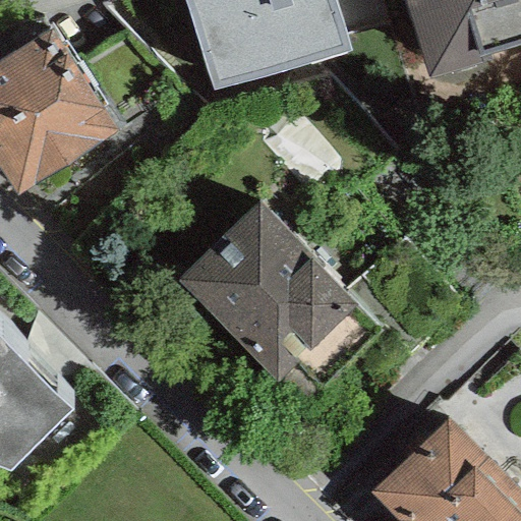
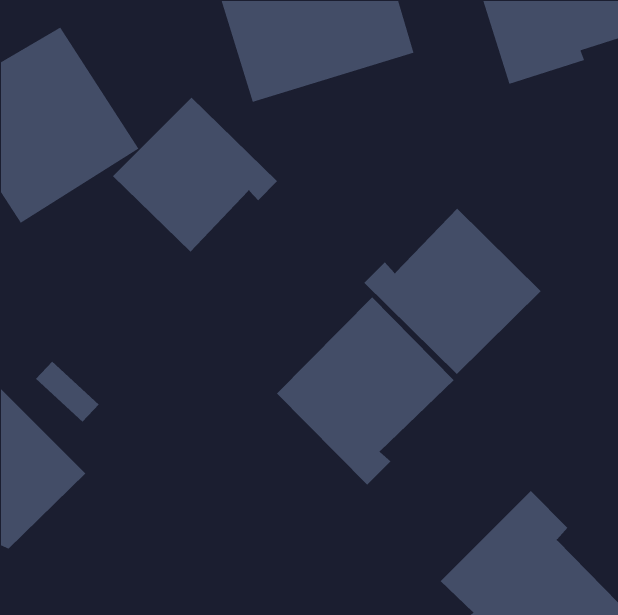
building: none -> [112,97,278,253]
building: none -> [364,208,542,375]
building: [177,197,313,334] -> none

